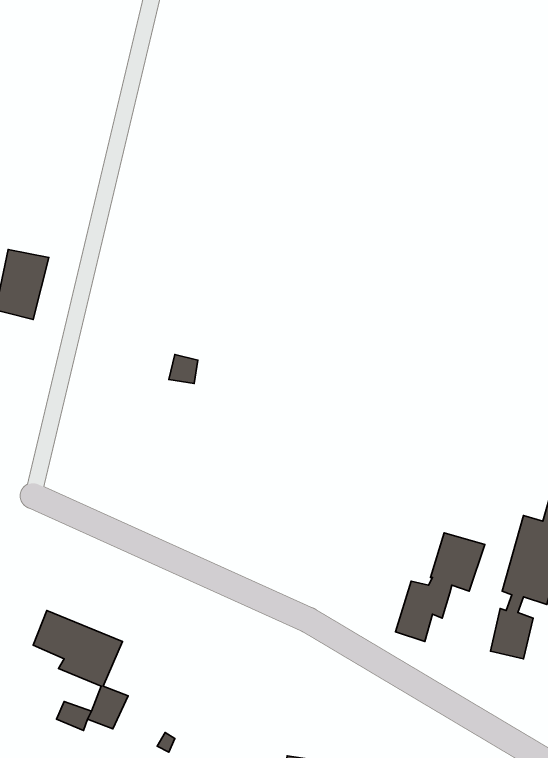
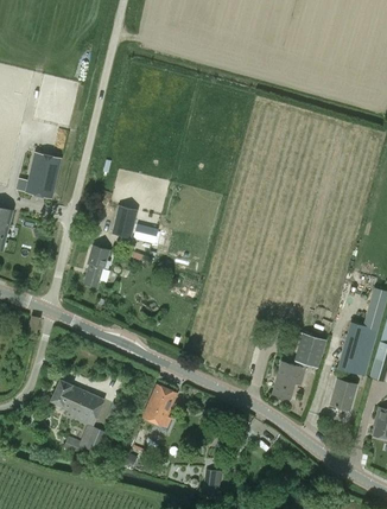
building: none -> [112,205,138,238]
building: none -> [83,246,109,286]
building: none -> [144,384,176,432]

